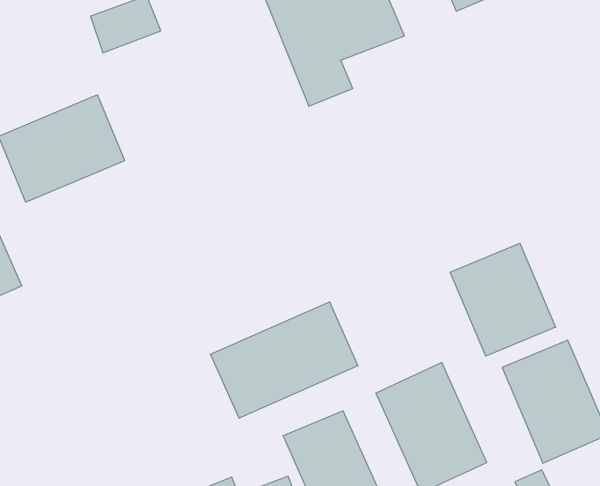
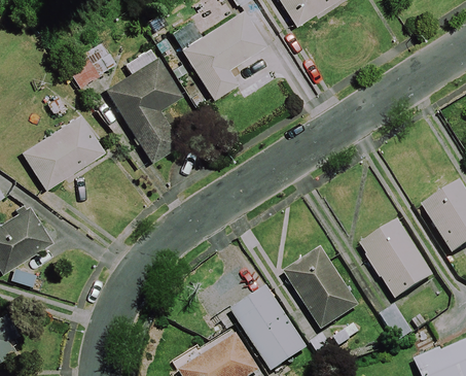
building: none -> [107,47,181,162]
building: [450,243,555,356] -> none
building: [211,302,358,418] -> none

